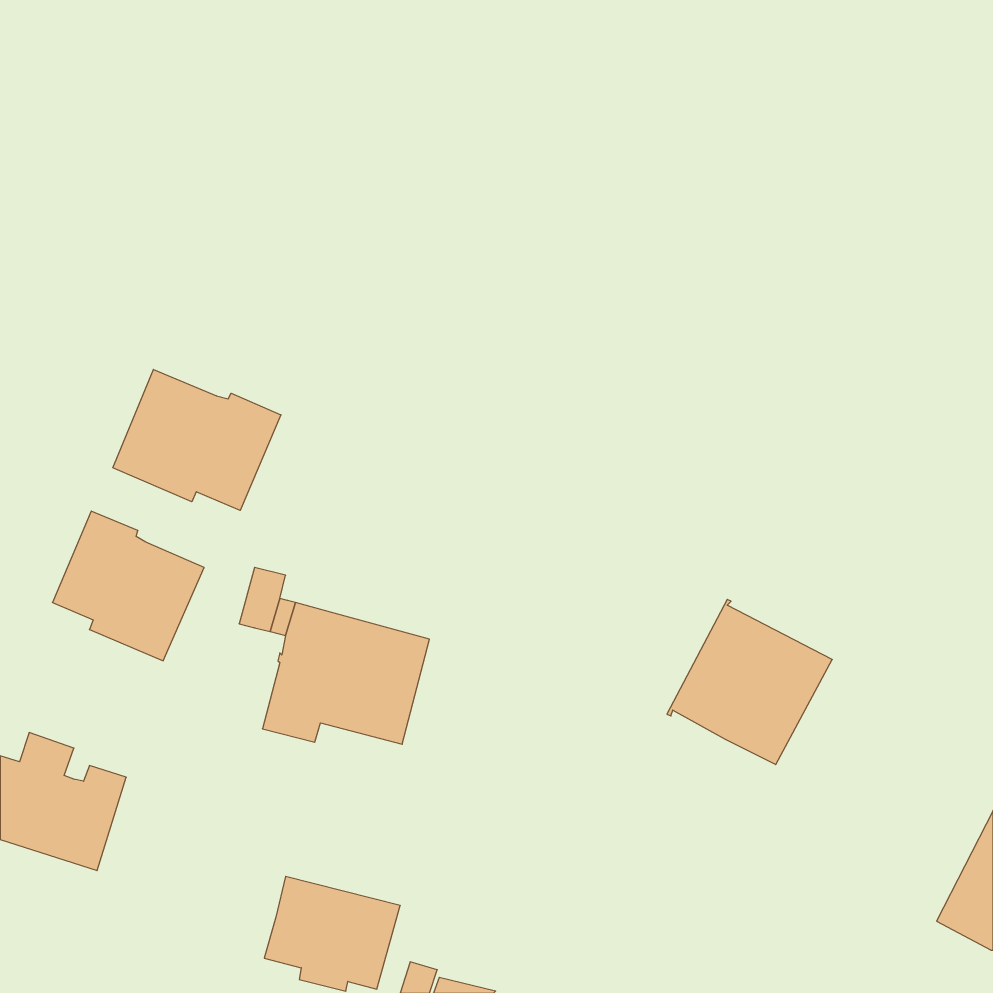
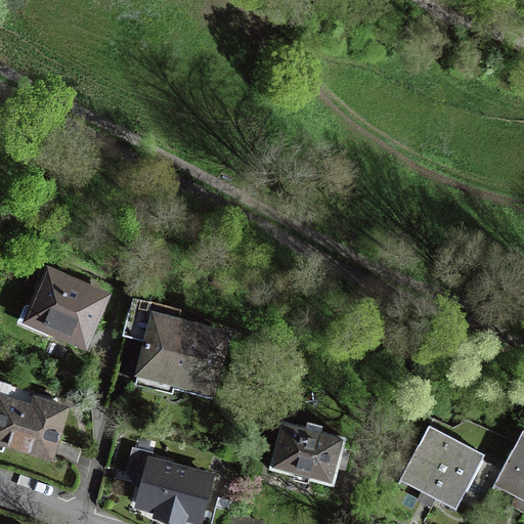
building: [113,369,281,510] -> none
building: [667,599,832,765] -> [398,423,485,510]
building: none -> [270,422,346,486]

